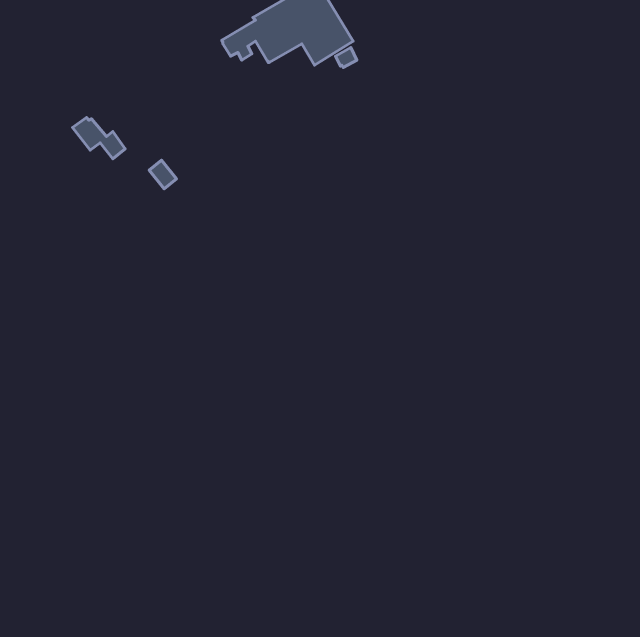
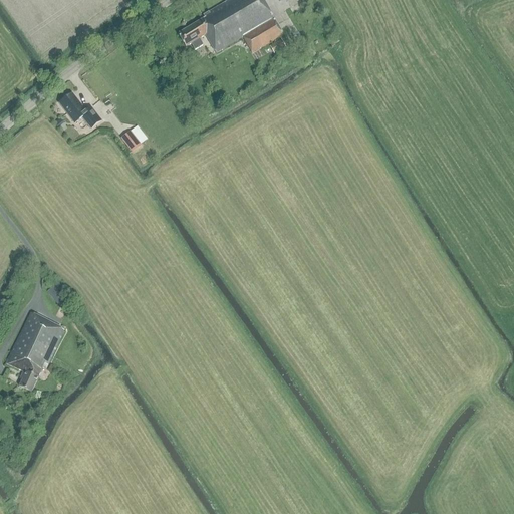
building: none -> [5,312,63,392]

